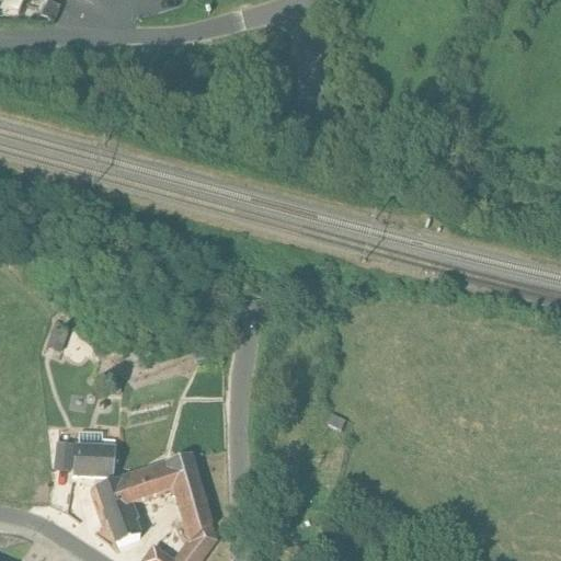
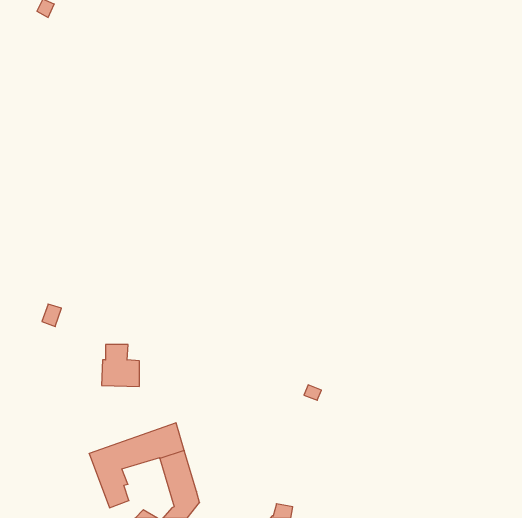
building: [71,431,112,476] -> [102,345,139,386]

